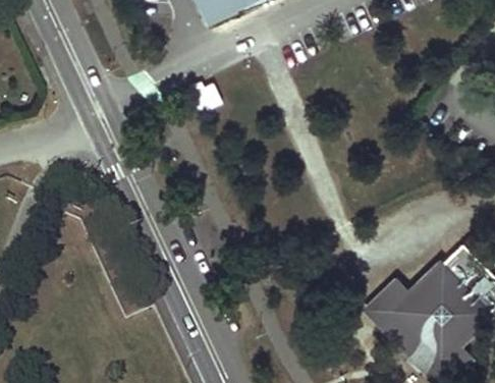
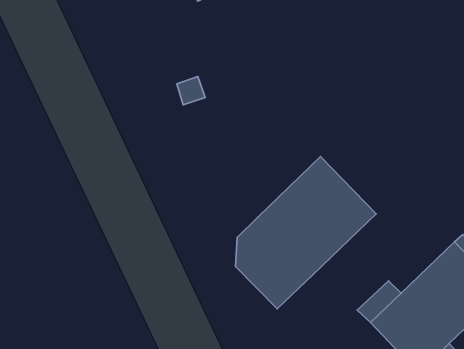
building: none -> [236,157,376,309]

